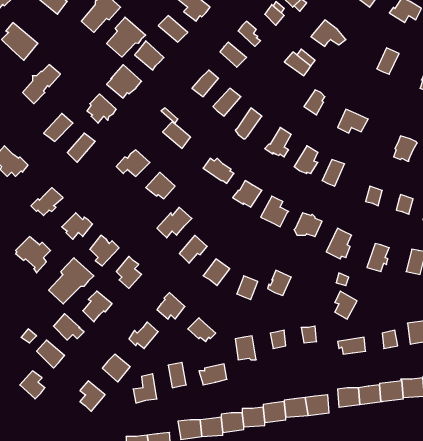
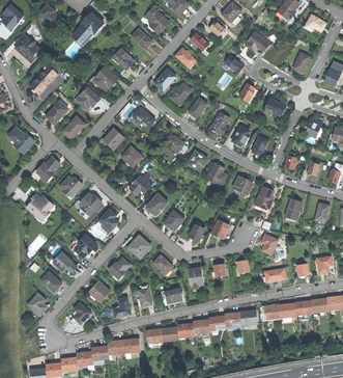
building: [107,17,146,57] -> none
building: [49,258,94,304] -> none

